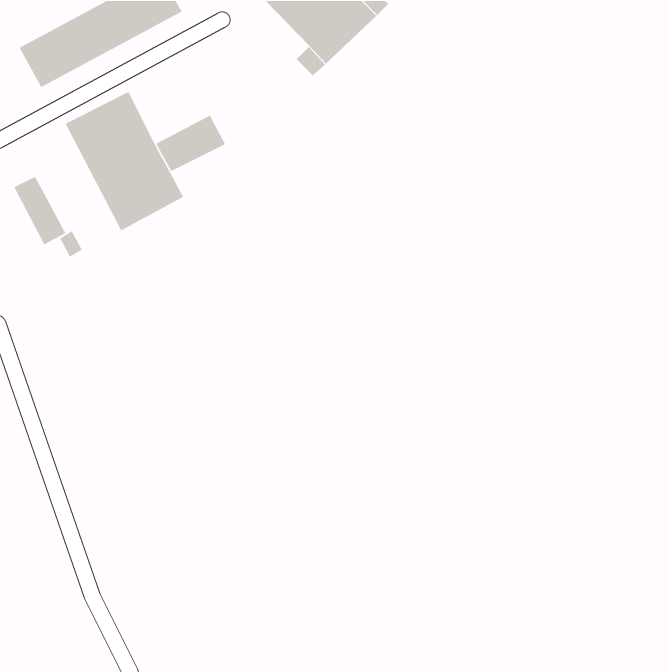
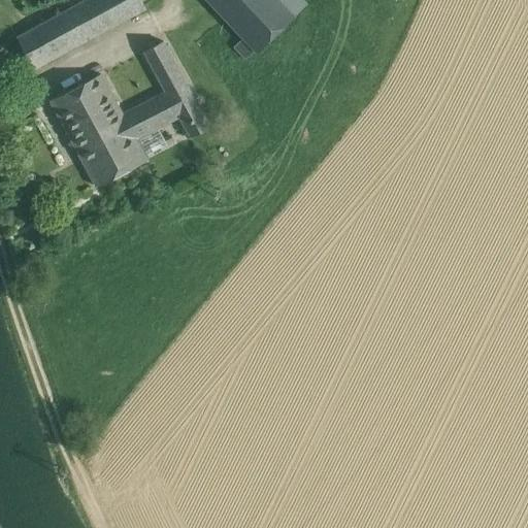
building: none -> [145,41,207,137]
building: [13,176,67,246] -> none

